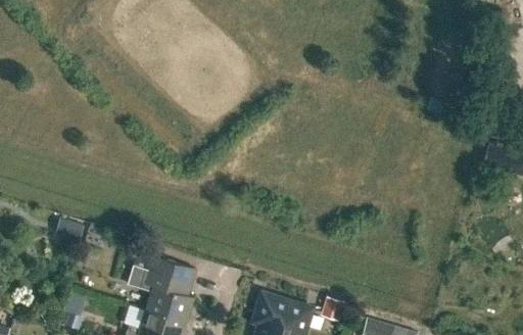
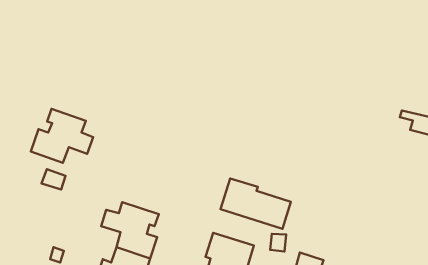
building: none -> [31,109,93,163]
building: none -> [221,178,291,229]

